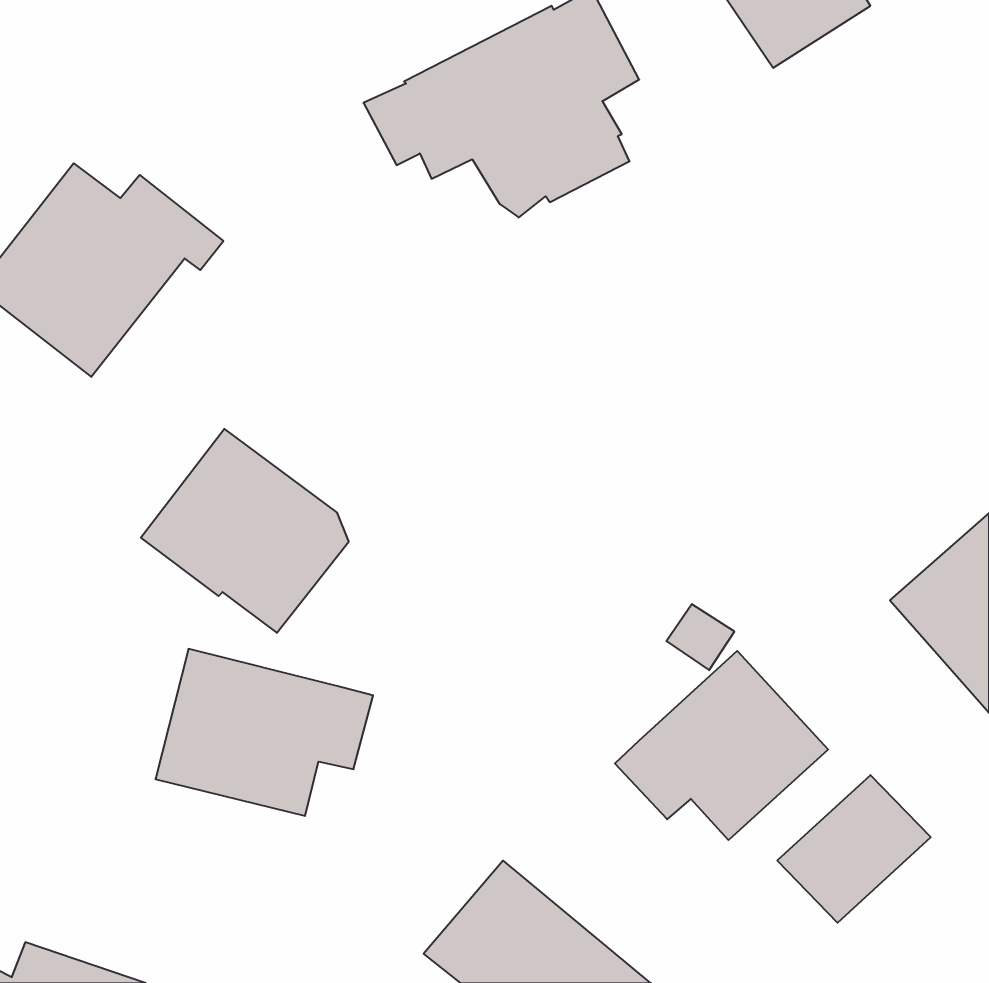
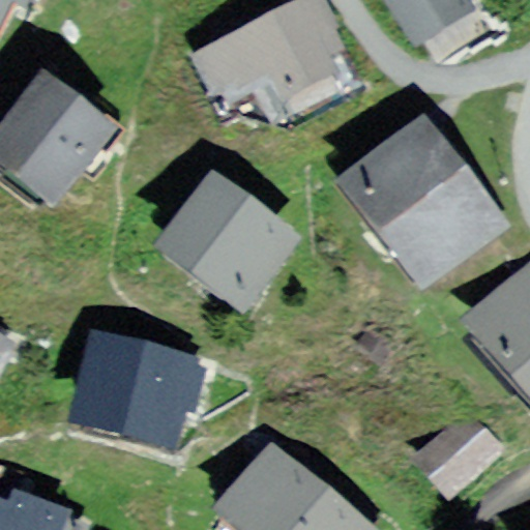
building: none -> [351,131,489,274]
building: [141,429,349,633] -> [167,187,277,296]
building: [615,651,828,840] -> none

